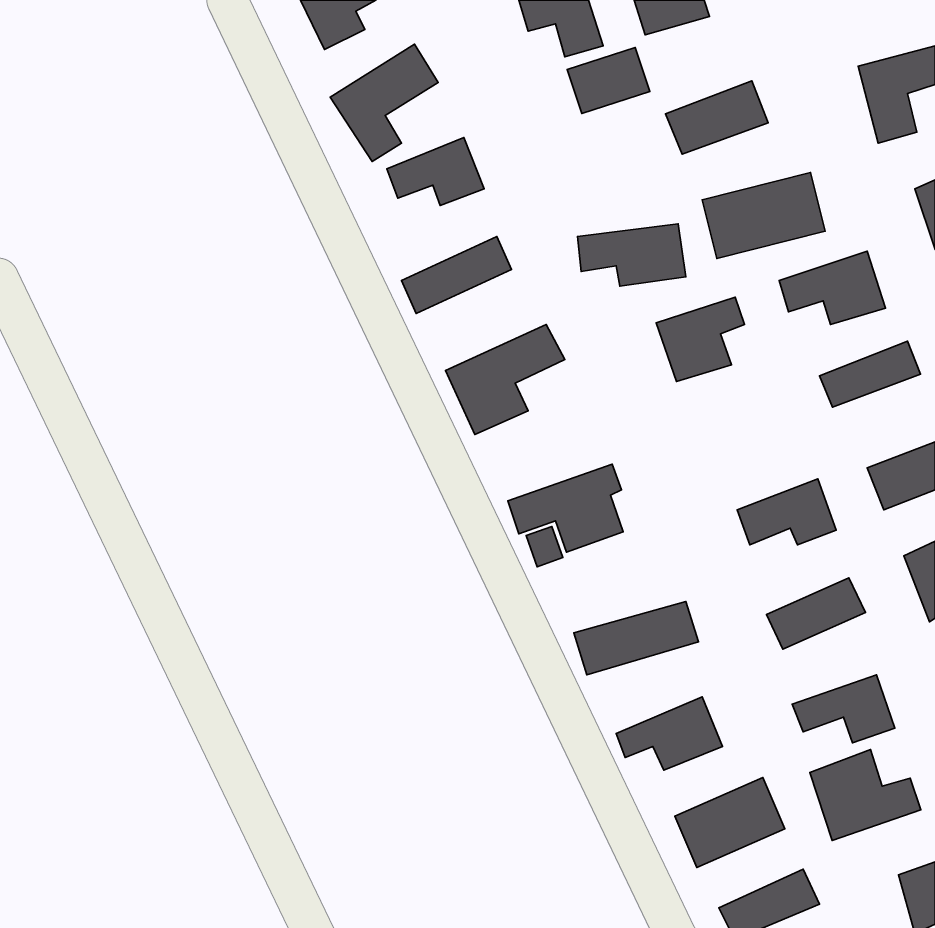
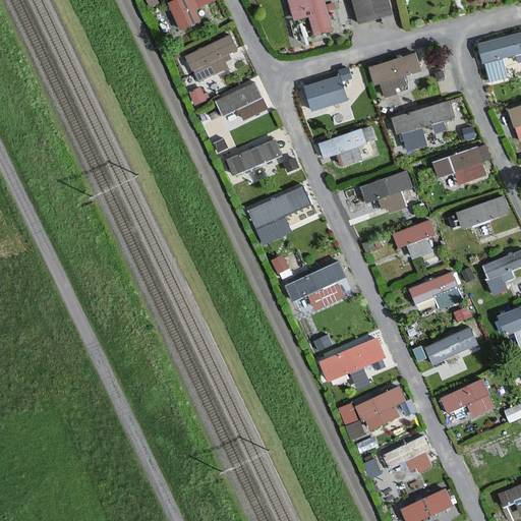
building: [567,47,650,114] -> [301,73,347,110]
building: none -> [394,219,442,263]
building: [810,750,921,841] -> none

